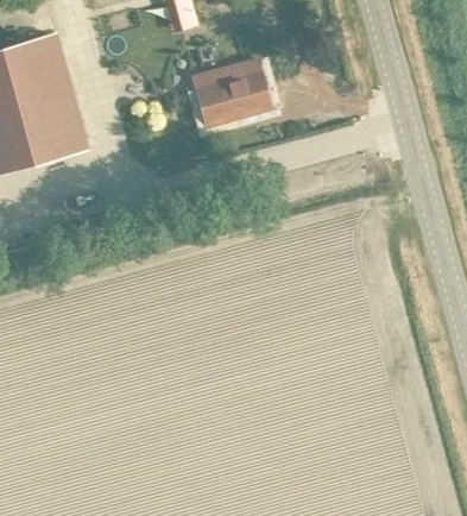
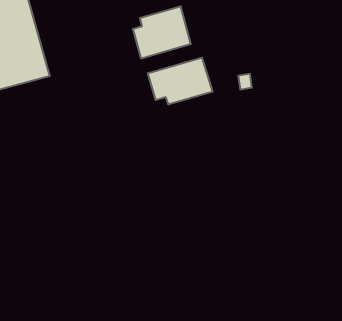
building: none -> [148,58,213,105]

